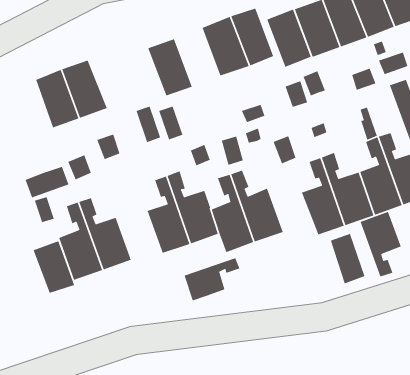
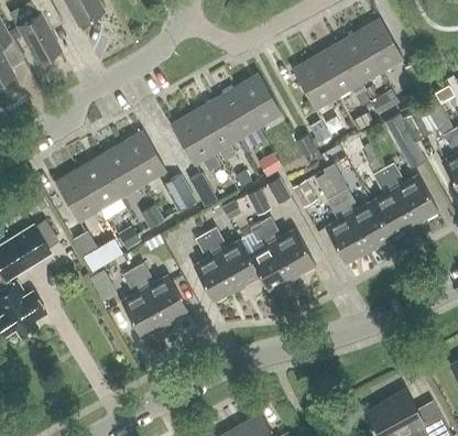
building: [266,8,312,68] -> [193,100,238,153]
building: none -> [121,131,166,184]
building: none -> [55,170,100,222]
building: [359,211,402,278] -> none
building: [330,233,366,285] -> none
building: [33,240,75,294] -> none
building: [184,257,240,301] -> none

